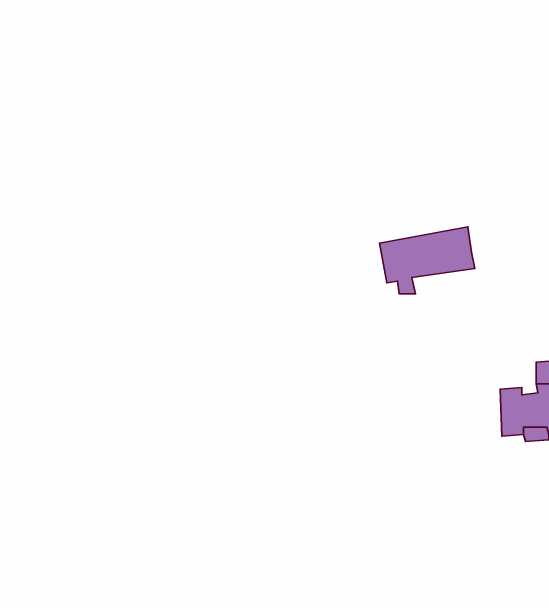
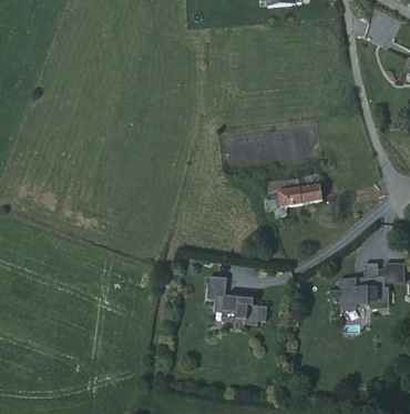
building: none -> [208,275,270,314]

